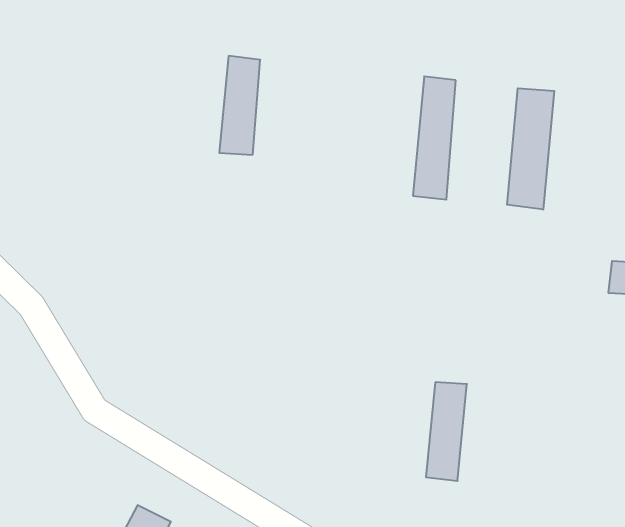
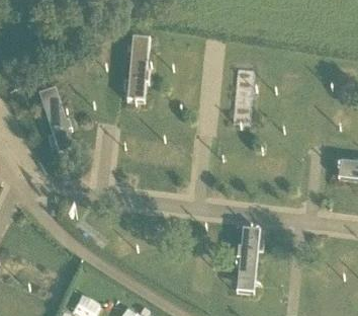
building: [507,88,554,210] -> none
building: none -> [41,100,74,156]

